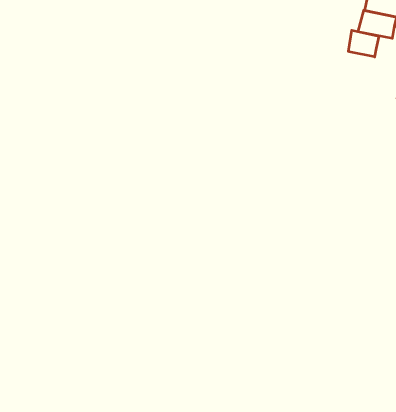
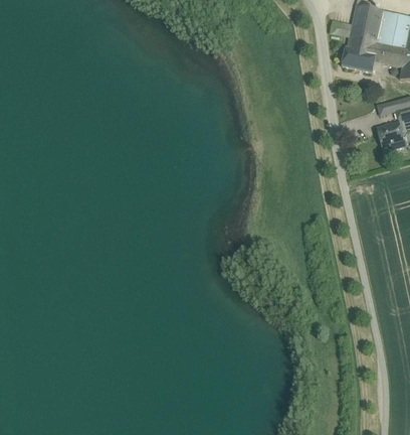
building: [348,30,379,57] -> none

